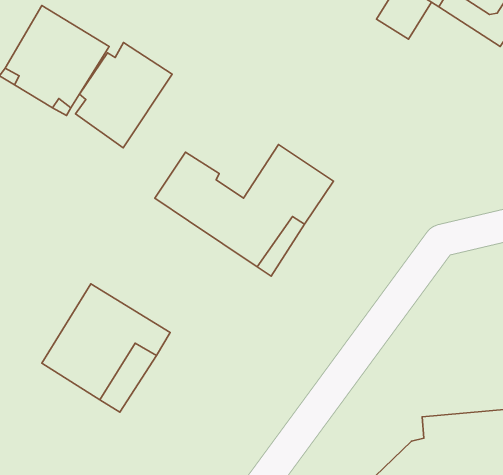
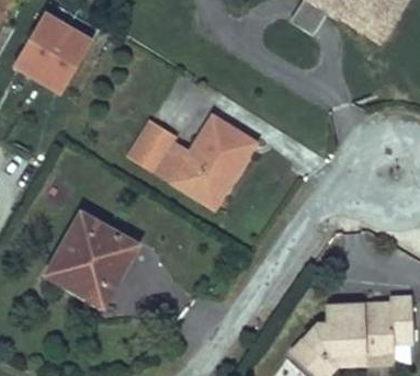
building: [76,43,172,148] -> none

